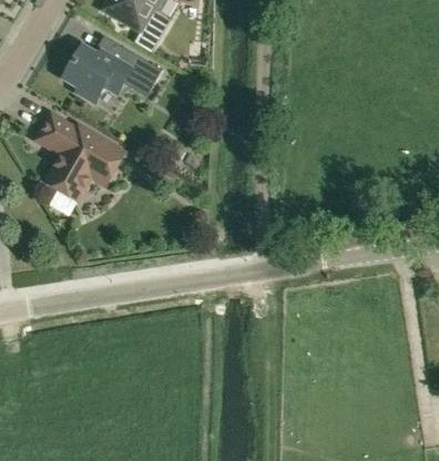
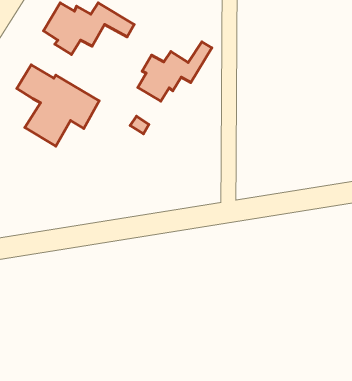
building: none -> [138,42,212,101]

